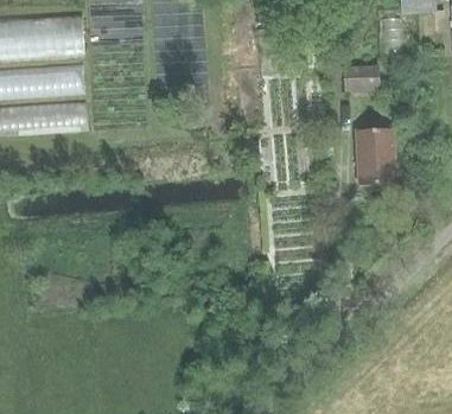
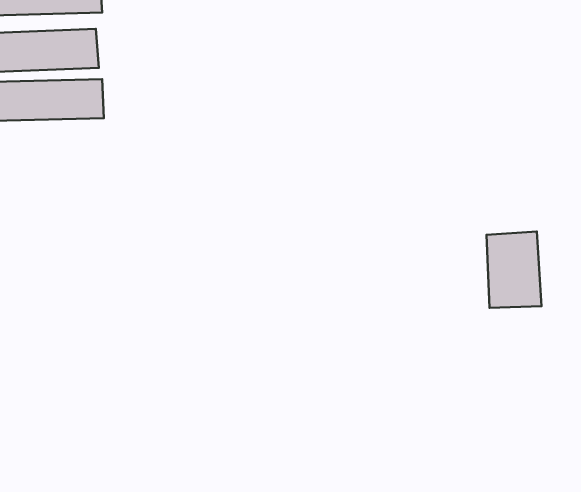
building: [342,65,378,91] -> none
building: [356,128,396,184] -> [486,232,542,308]

